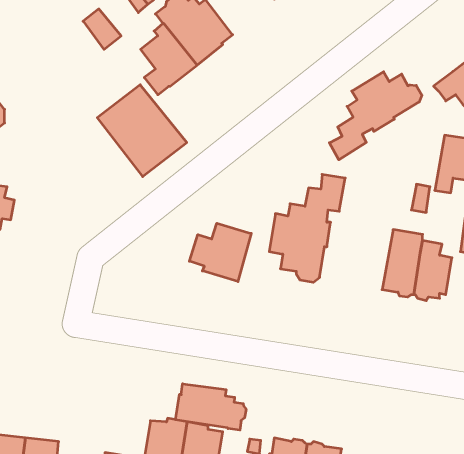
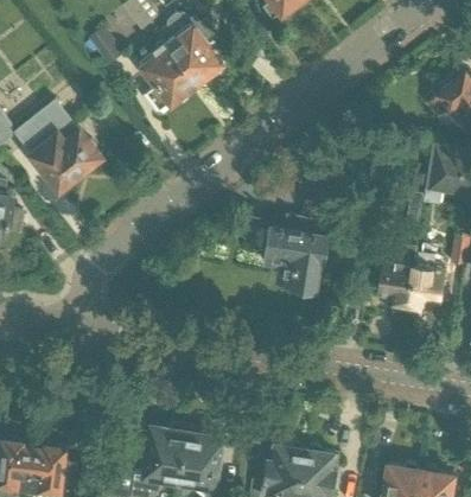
building: [329,72,422,160] -> none
building: [97,85,187,177] -> [13,100,100,189]
building: [189,223,251,282] -> none
building: [176,384,246,430] -> none

